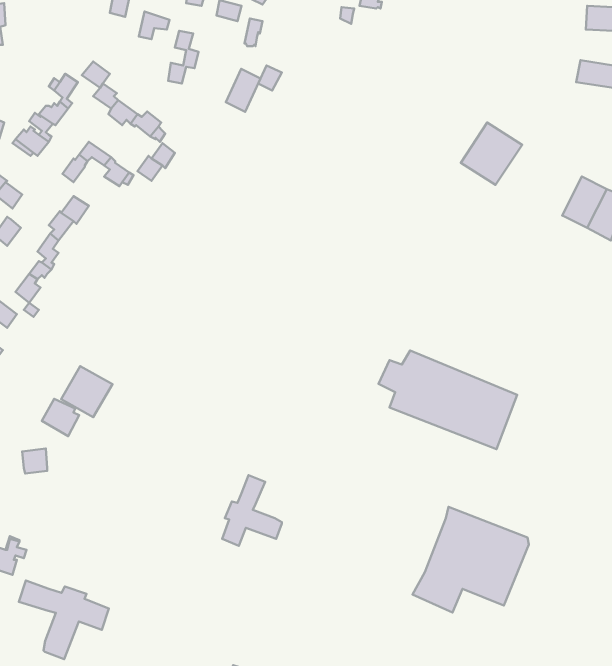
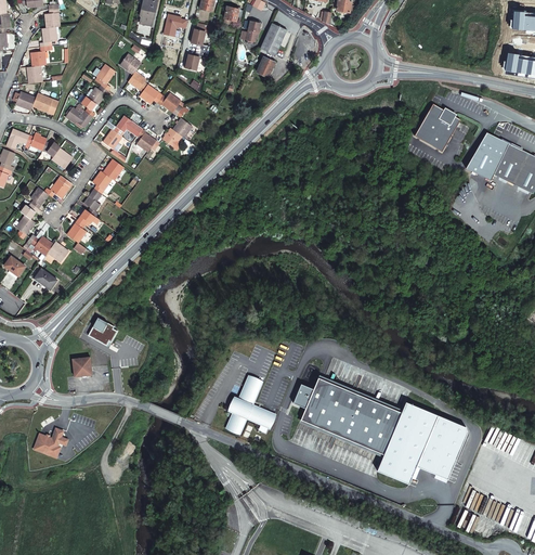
building: [226,69,261,112] -> [259,23,286,56]
building: none -> [465,133,508,181]
building: [378,351,517,449] -> [293,376,402,453]
building: [61,366,112,417] -> none
building: [19,580,109,659] -> none

